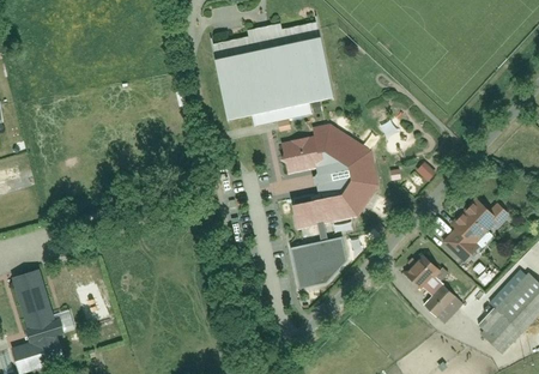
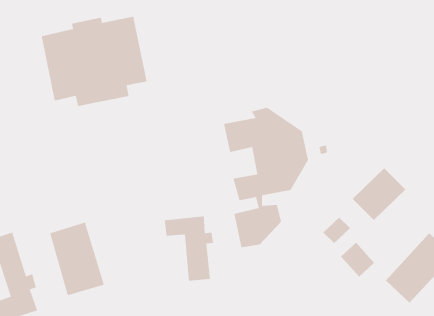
building: [210,22,332,126] -> [41,16,147,107]
building: none -> [164,216,214,282]
building: none -> [49,221,105,296]

